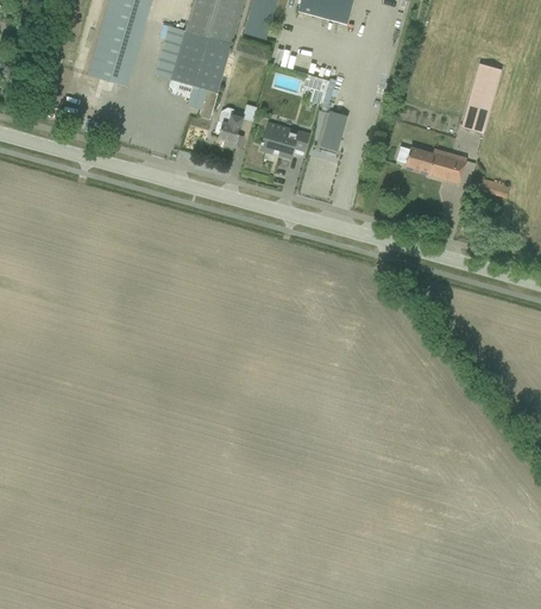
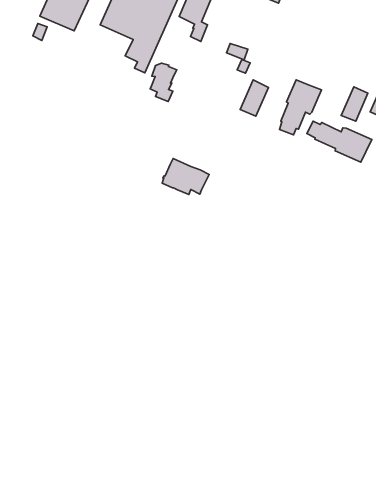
building: none -> [341,87,368,121]
building: none -> [280,80,321,135]
building: [259,120,309,157] -> [162,158,209,195]

